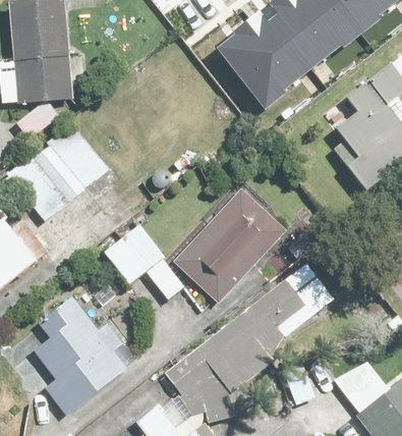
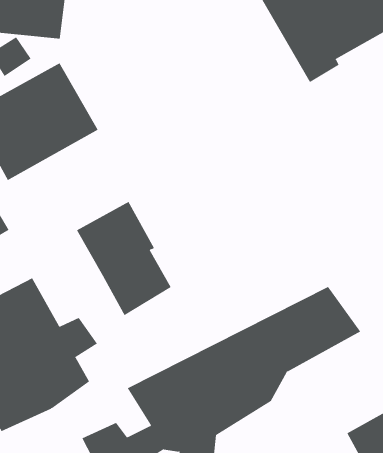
building: [171,186,286,304] -> none

